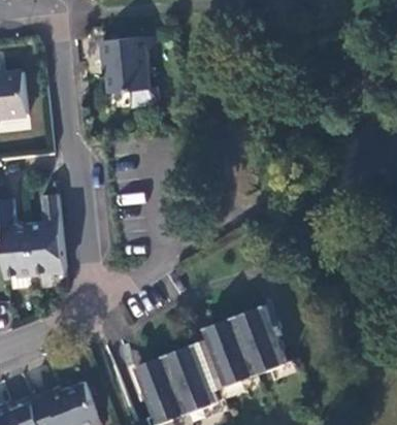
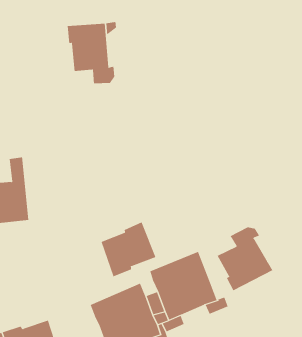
building: none -> [101,221,156,277]
building: none -> [217,226,273,291]

